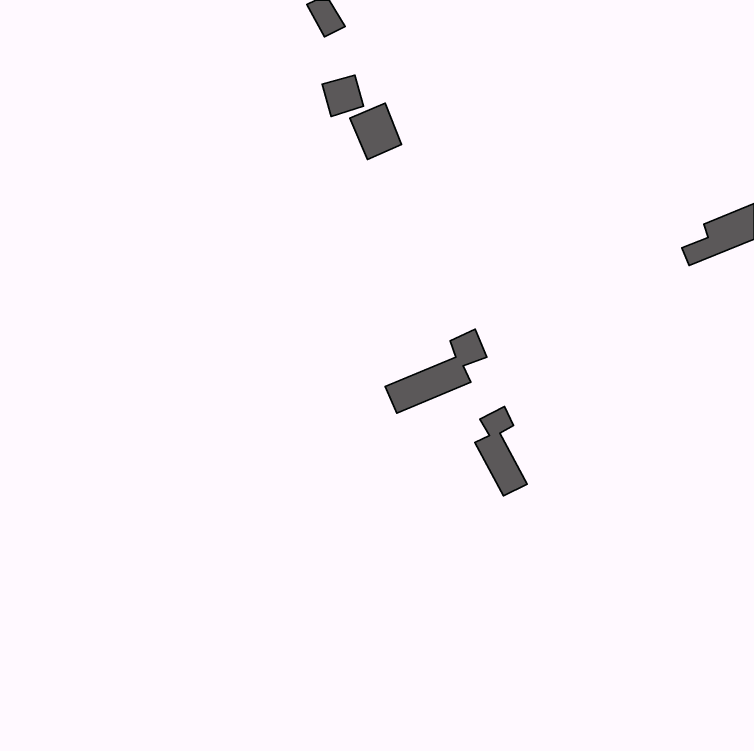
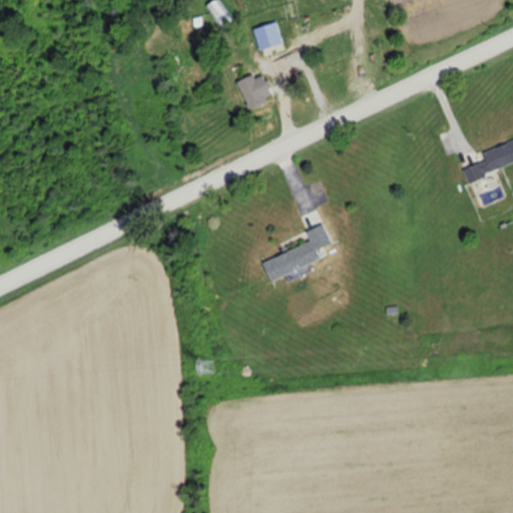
building: [322,75,364,117] -> [254,23,283,51]
building: [475,407,527,496] -> none

